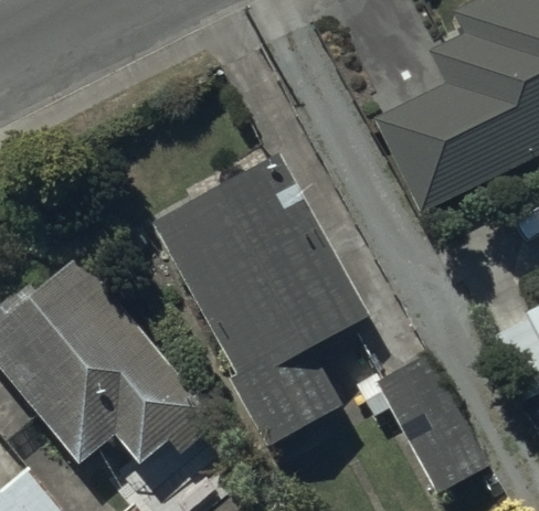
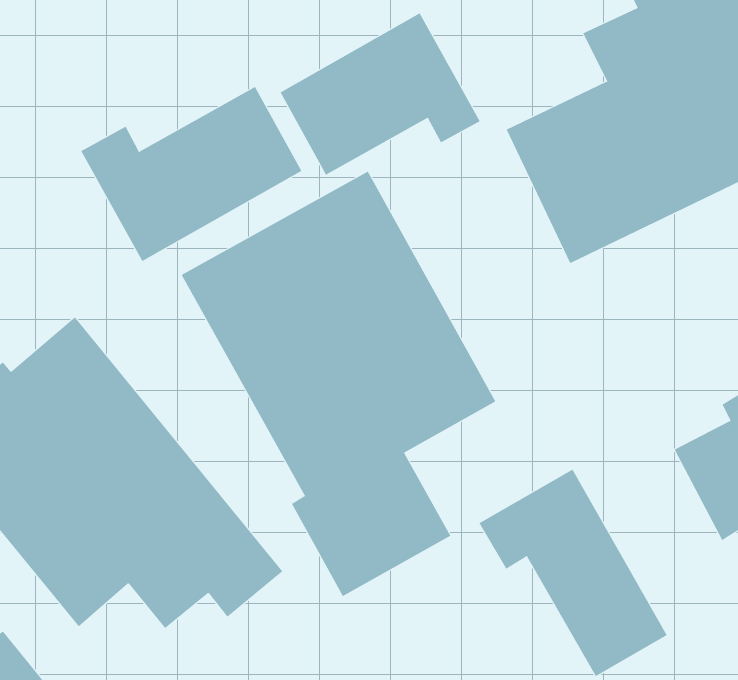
building: none -> [280,12,481,175]
building: none -> [80,86,302,262]

